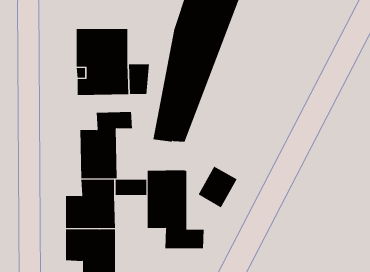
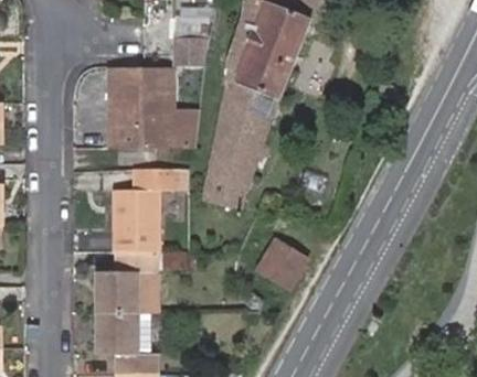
building: none -> [173,39,208,68]
building: [147,169,204,249] -> none

